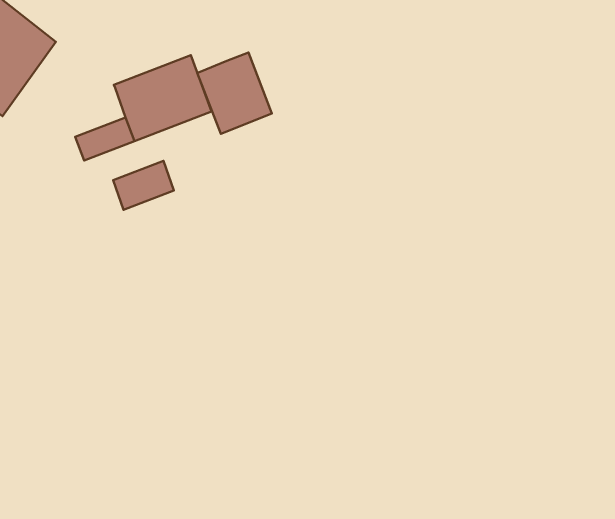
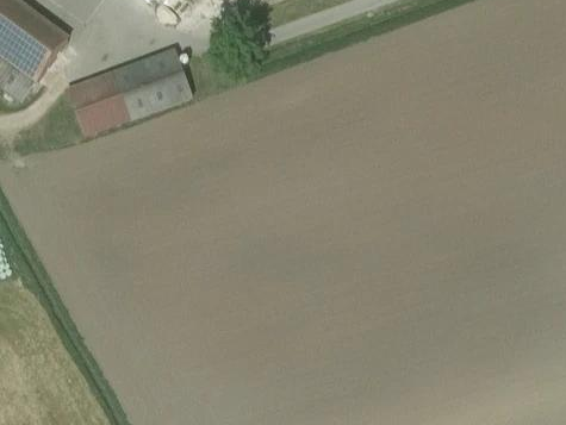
building: [197,52,272,134] -> none
building: [113,161,174,210] -> [71,75,120,114]

